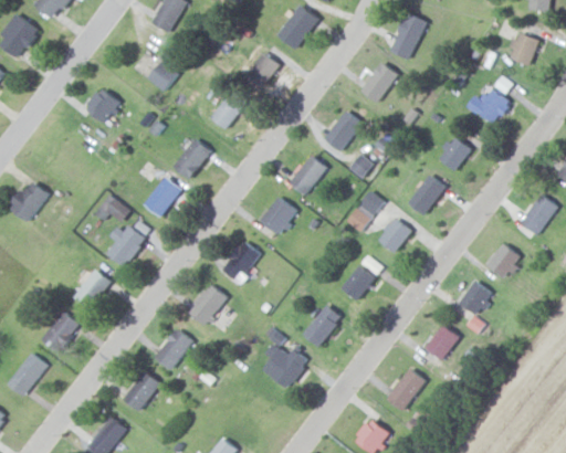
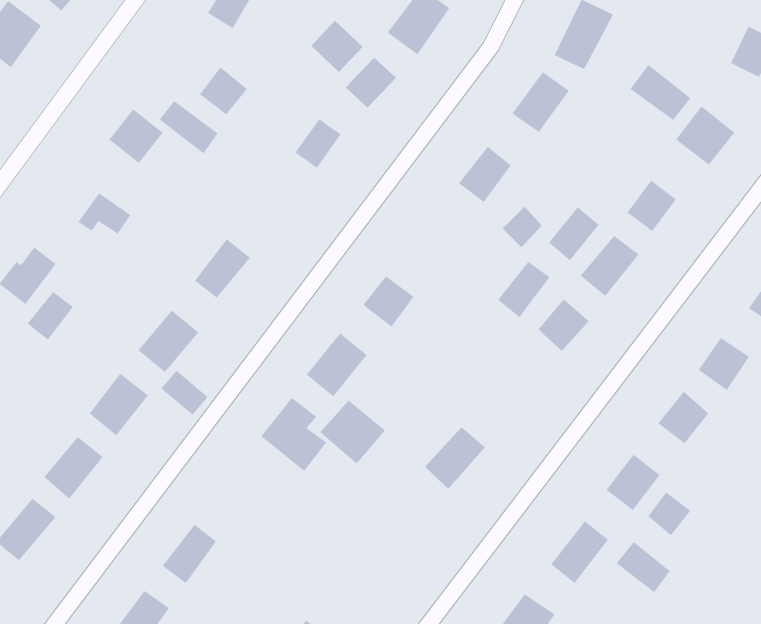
building: none -> [310,20,364,73]
building: none -> [629,64,691,121]
building: none -> [159,100,218,154]
building: [170,137,211,180] -> none
building: [289,154,328,196] -> none
building: none -> [548,206,599,261]
building: [94,193,130,222] -> [78,193,131,235]
building: none -> [27,291,74,340]
building: [338,254,382,301] -> none
building: none -> [161,370,208,416]
building: [153,327,192,370] -> none
building: [260,344,305,388] -> [319,400,386,465]
building: none -> [648,491,691,536]
building: none -> [616,541,670,593]

